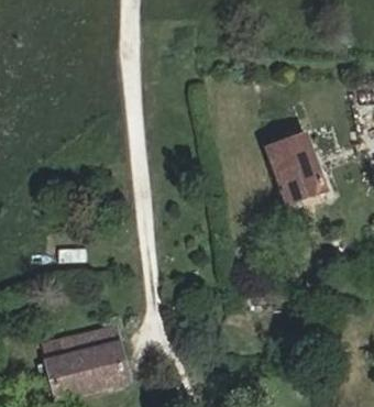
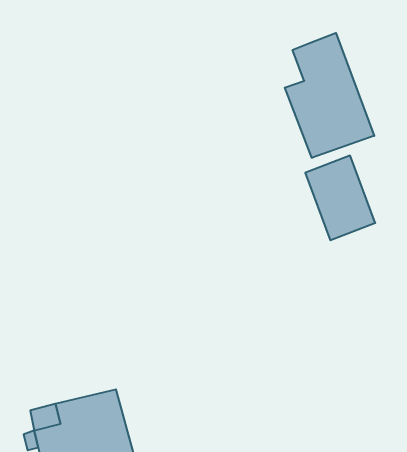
building: none -> [285,33,374,158]

